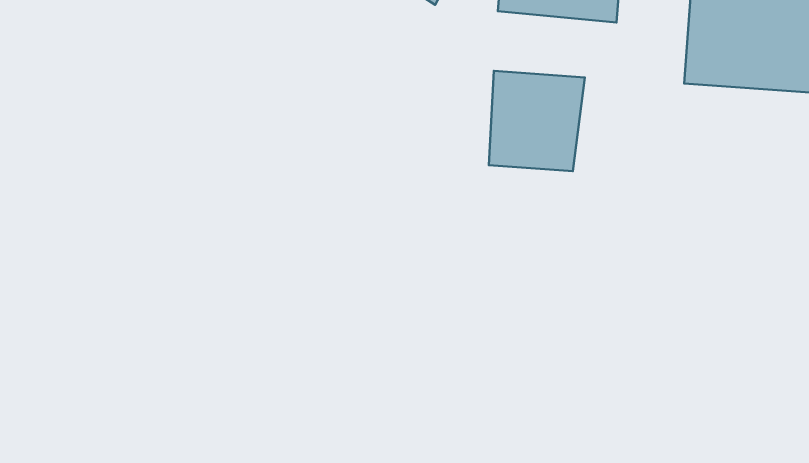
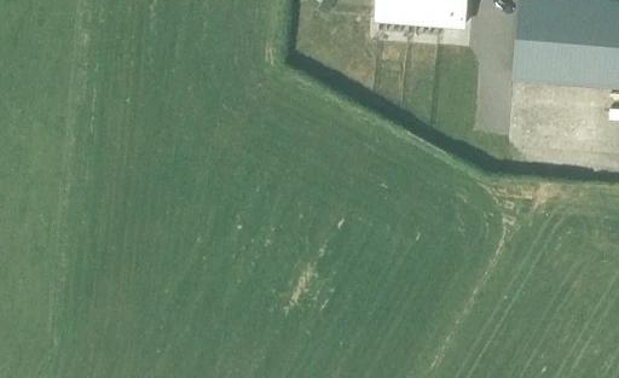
building: [489,71,585,171] -> none

